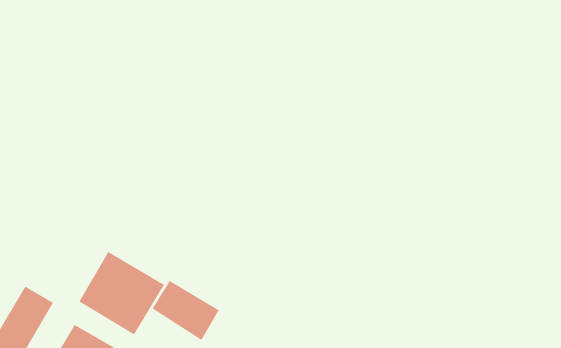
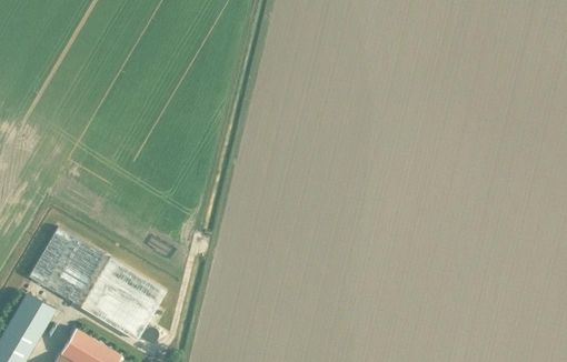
building: none -> [28,228,103,304]
building: [152,280,220,341] -> none

